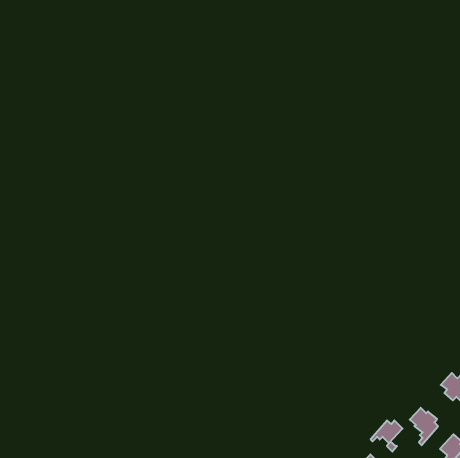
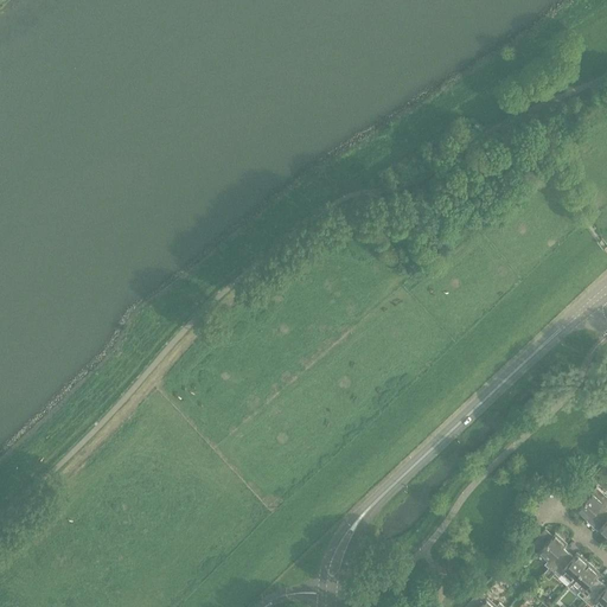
building: [371,420,403,443] -> [556,564,598,594]

